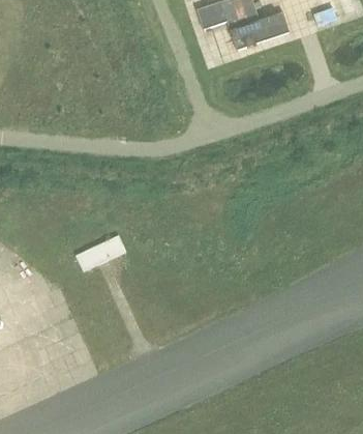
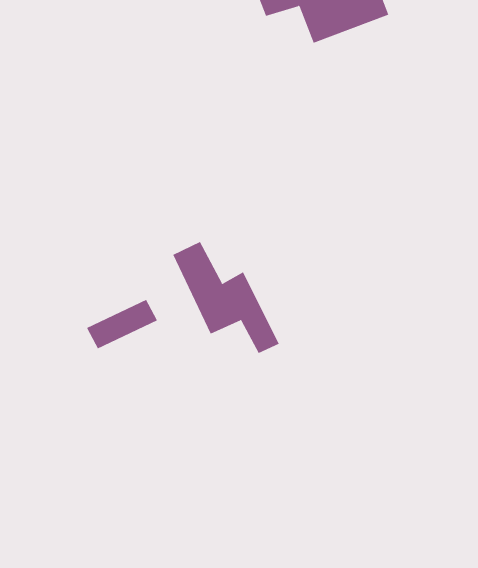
building: none -> [173,241,279,354]

